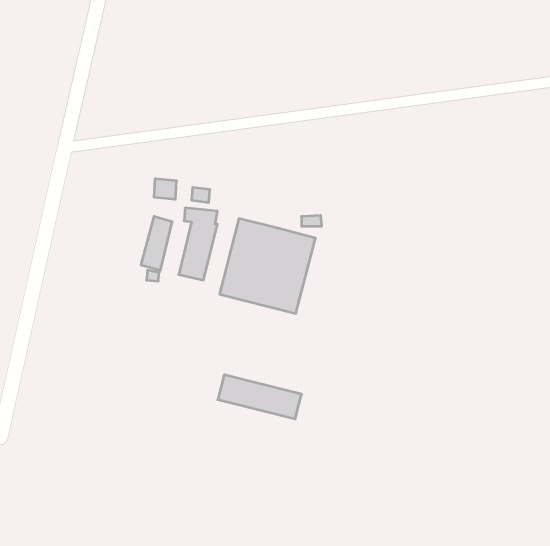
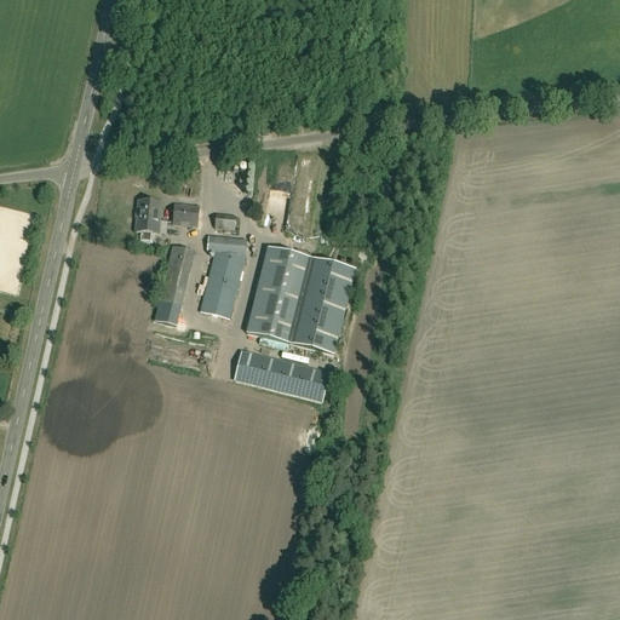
building: none -> [134,197,161,240]
building: [218,375,302,419] -> [235,350,329,400]

